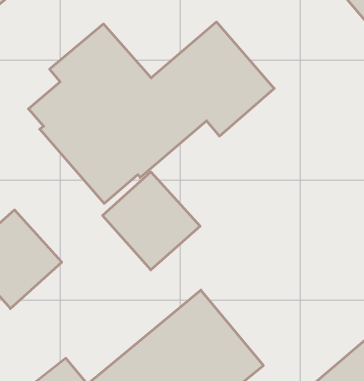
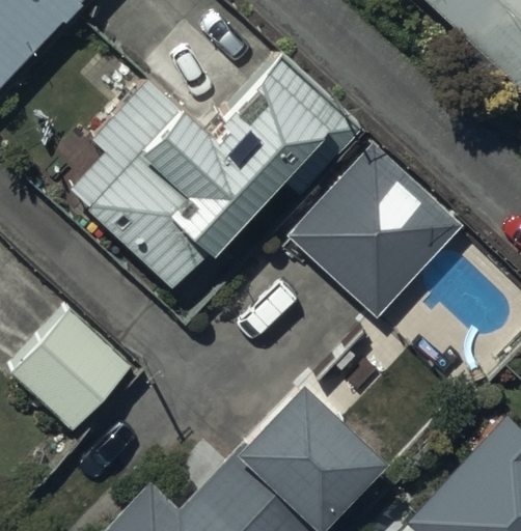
building: none -> [290,144,461,314]
building: [103,172,200,270] -> none

